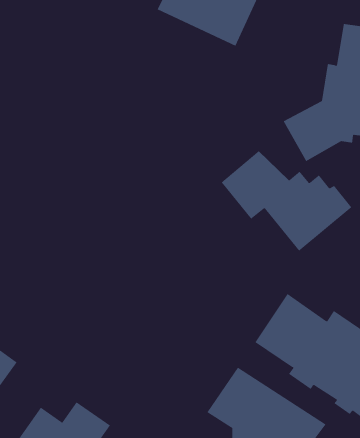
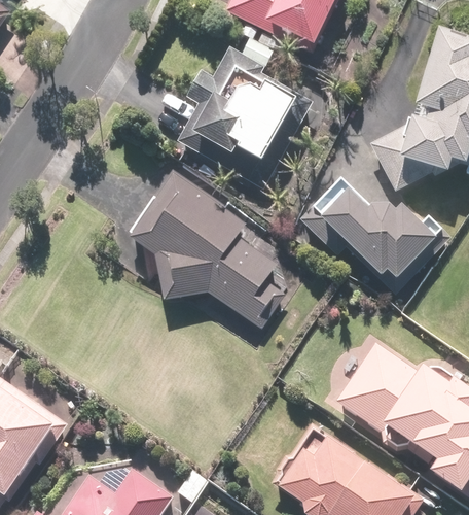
building: none -> [175,39,315,193]
building: none -> [132,172,285,330]

